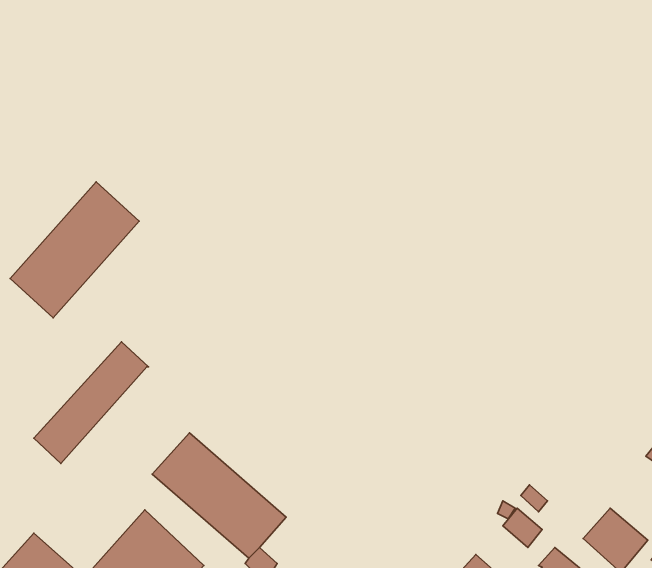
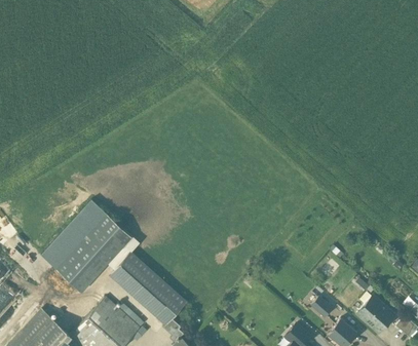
building: [10,182,139,318] -> [58,215,131,293]

